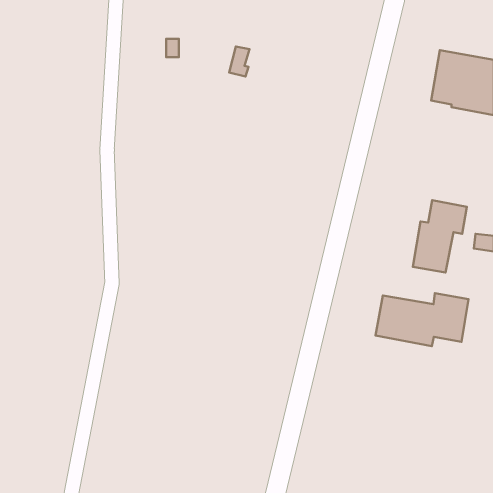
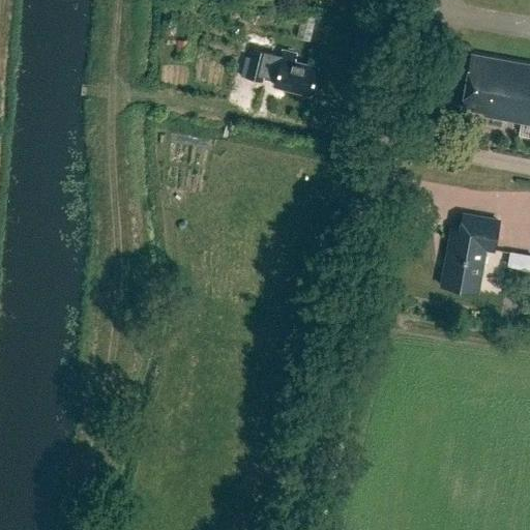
building: none -> [275,51,318,95]
building: [375,293,468,346] -> none

